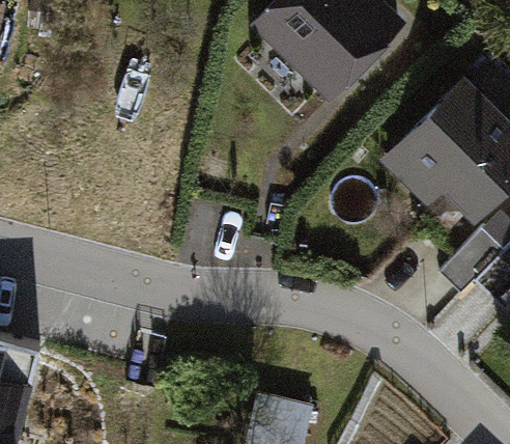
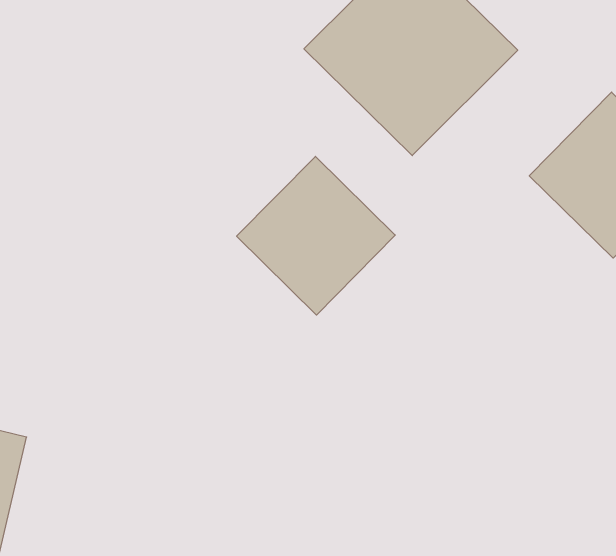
building: none -> [237,156,395,315]

